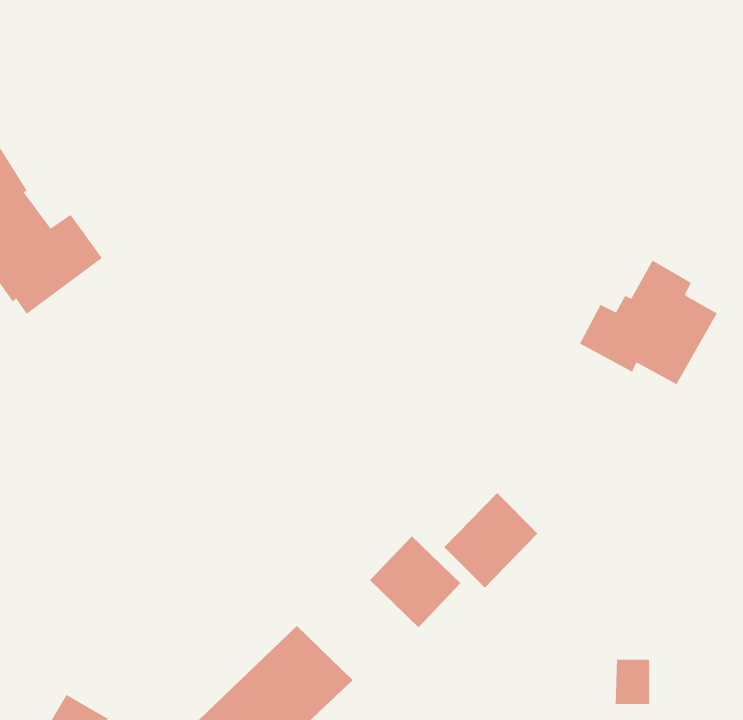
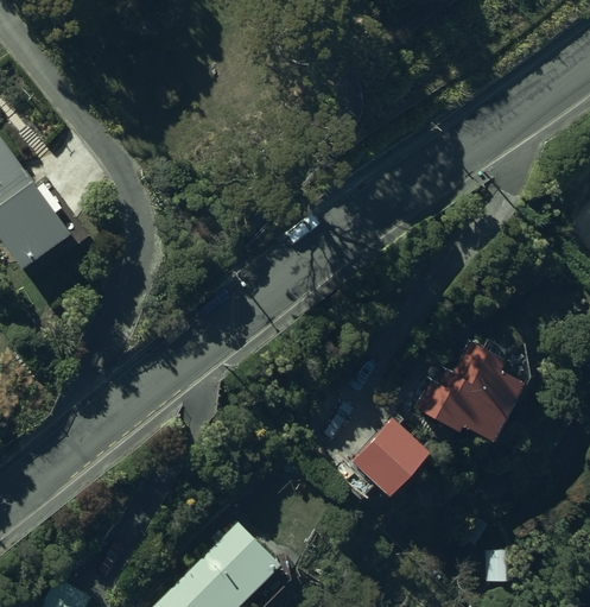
building: [579,260,718,385] -> [412,344,520,442]
building: [369,535,461,628] -> none

